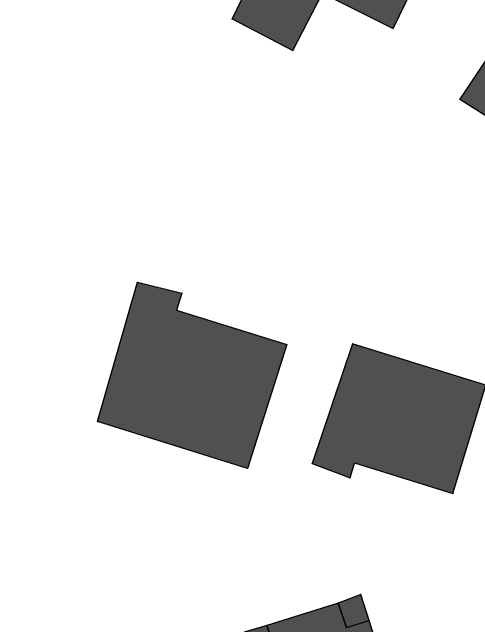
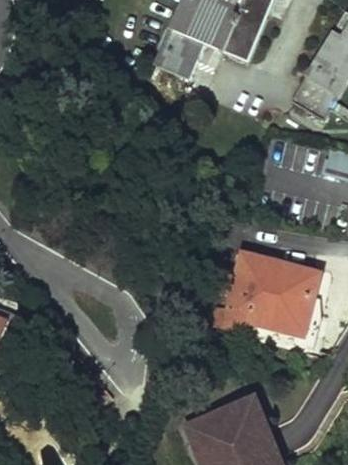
building: [98,282,287,468] -> none

